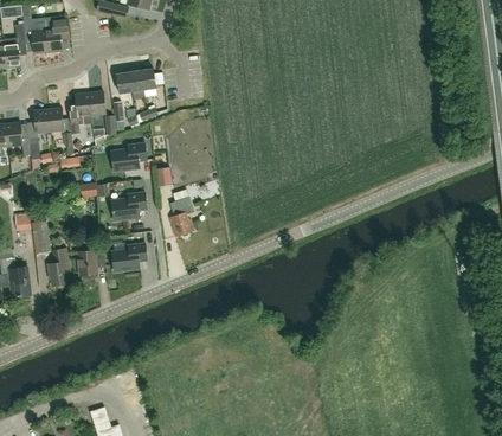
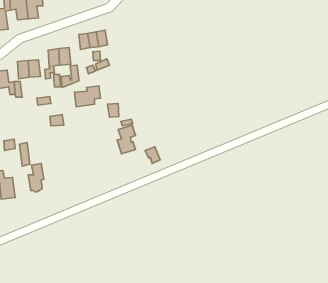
building: [110,193,146,220] -> none
building: [76,242,104,275] -> none
building: [110,244,146,271] -> none

